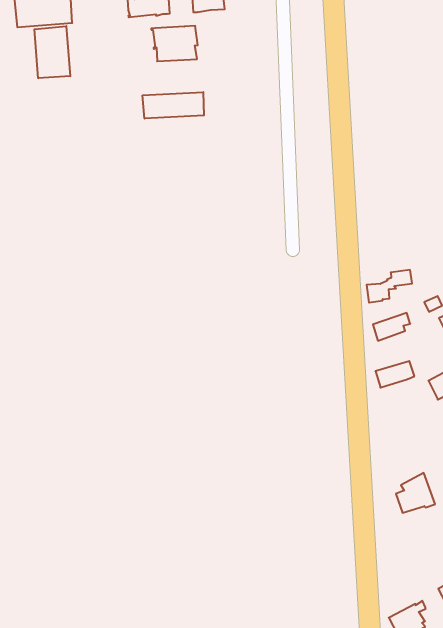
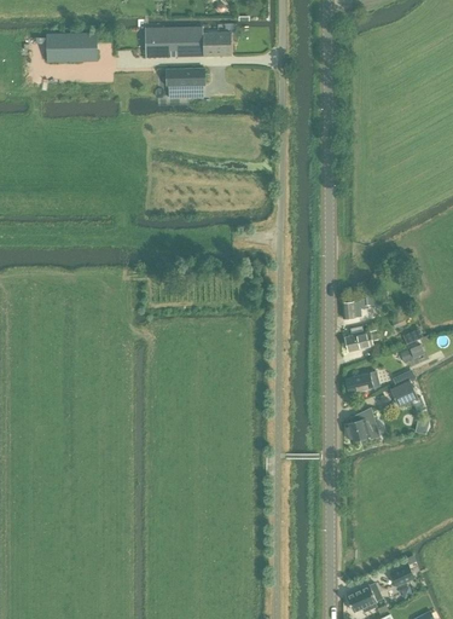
building: [34,26,70,78] -> none
building: [143,92,204,119] -> none
building: [396,473,435,513] -> [344,407,378,441]

